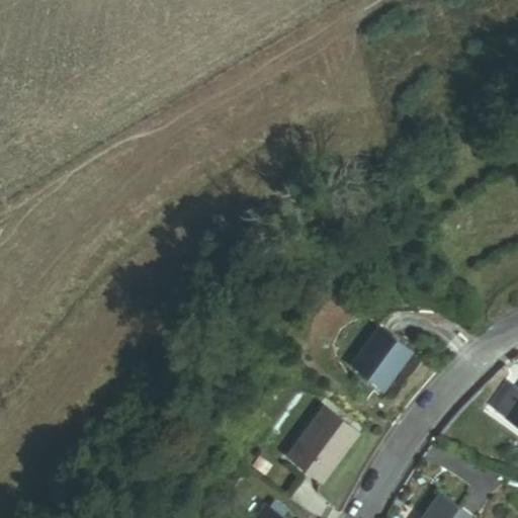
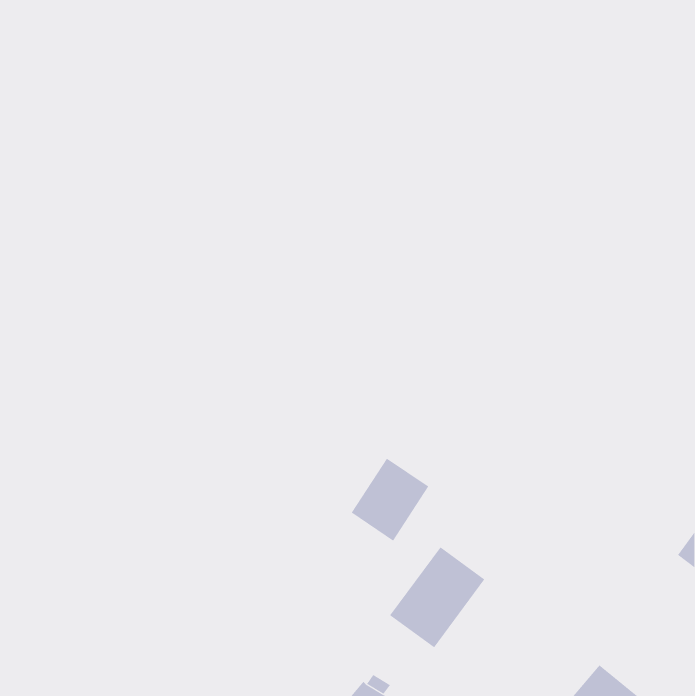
building: [352,328,410,390] -> [351,458,429,541]

